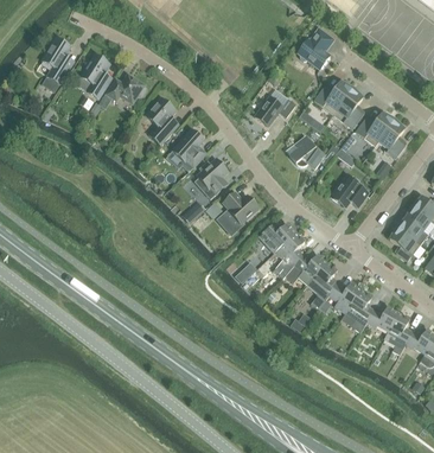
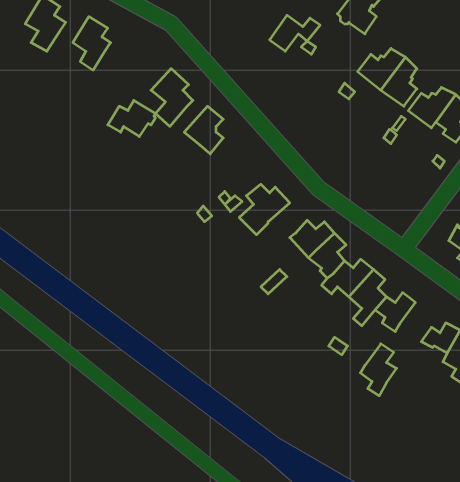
building: [106,74,145,103] -> [108,100,155,137]
building: [255,96,296,126] -> [270,15,320,51]
building: [289,135,325,168] -> none
building: [197,158,228,198] -> none
building: [331,176,369,208] -> none
building: [345,289,375,332] -> [360,344,397,396]

